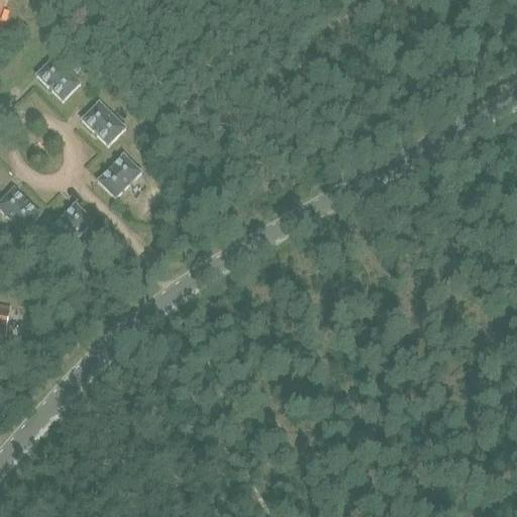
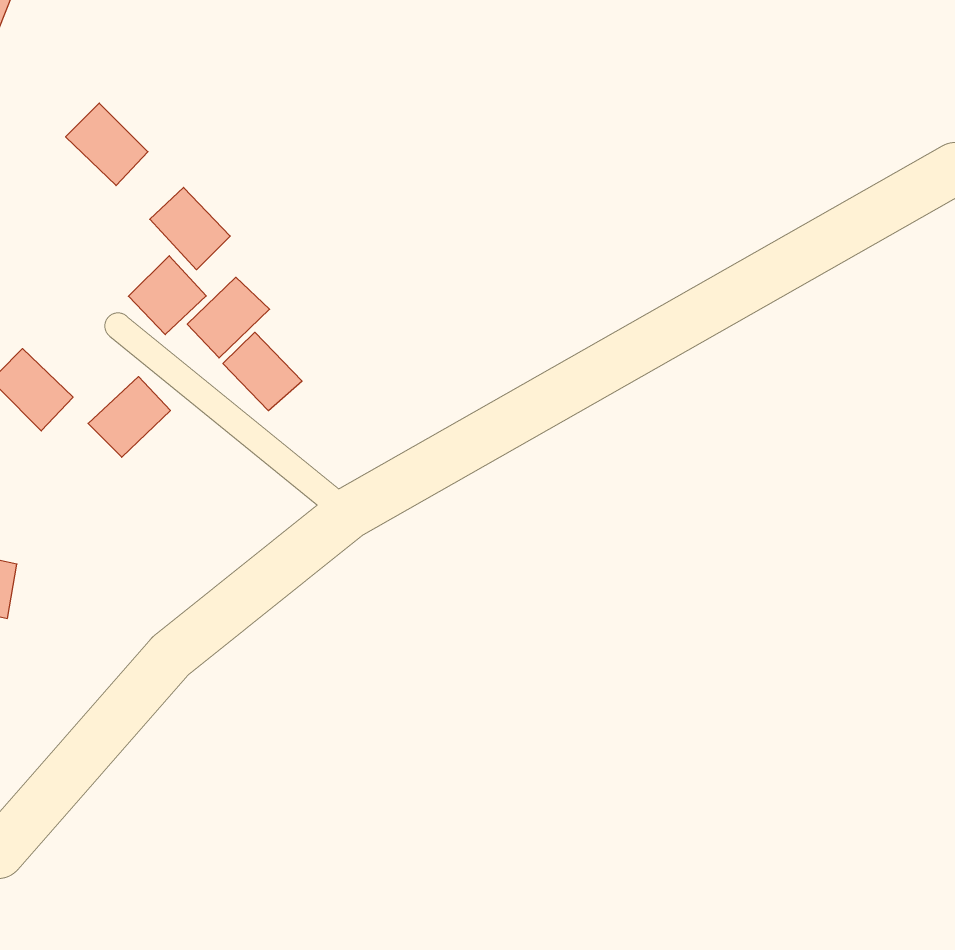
building: none -> [128,256,206,335]
building: none -> [223,332,302,411]

